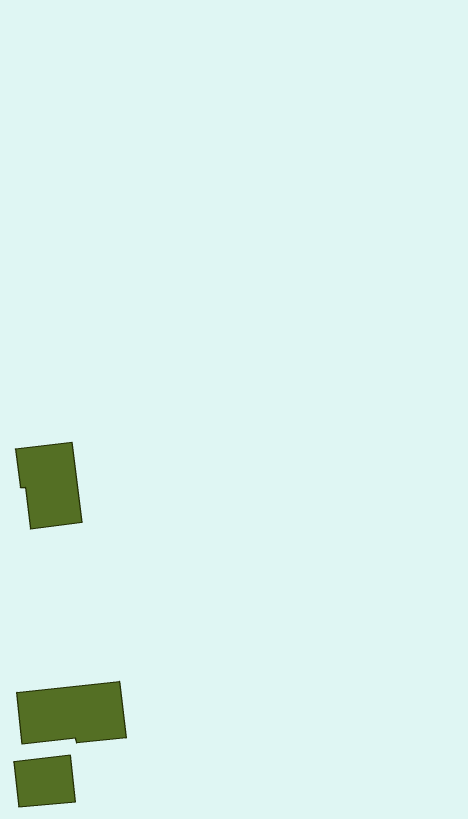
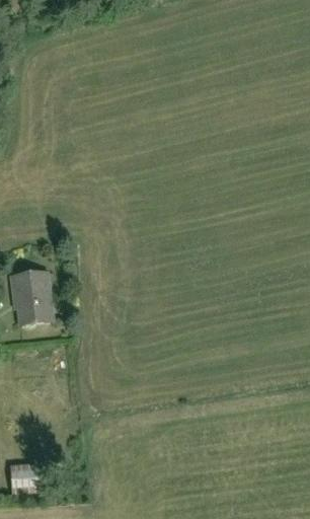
building: [17,681,126,744] -> none

